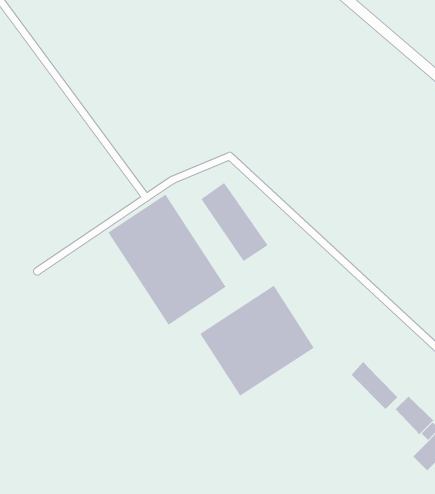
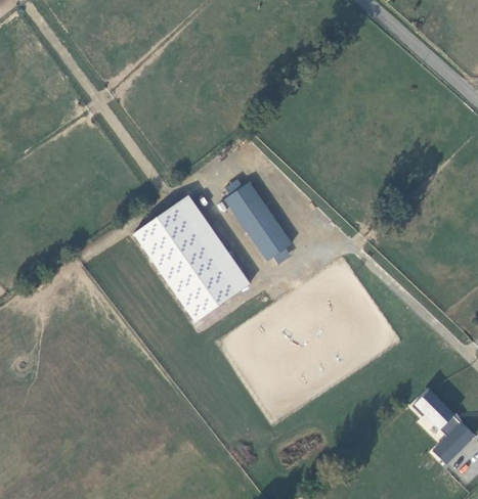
building: [199,285,314,397] -> none
building: [351,361,398,410] -> none

